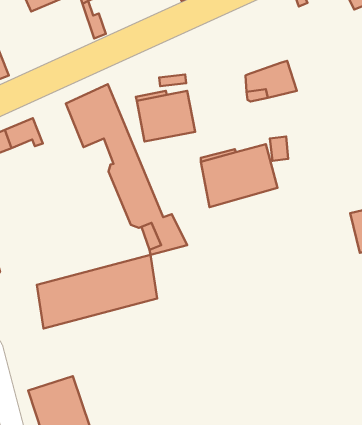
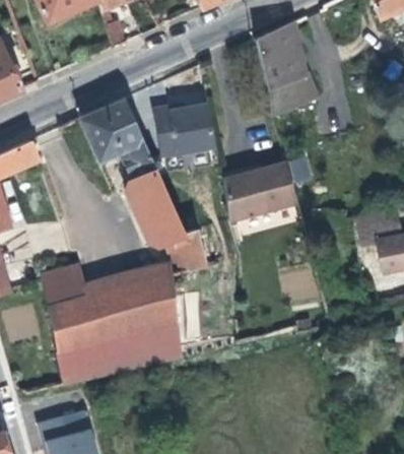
building: none -> [255,24,305,86]
building: none -> [43,269,85,307]
building: none -> [57,321,181,381]

